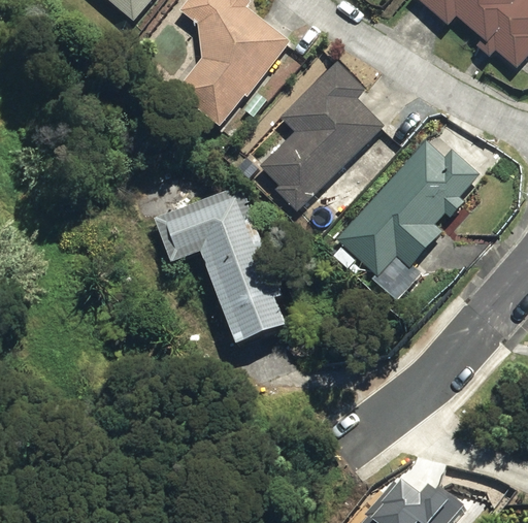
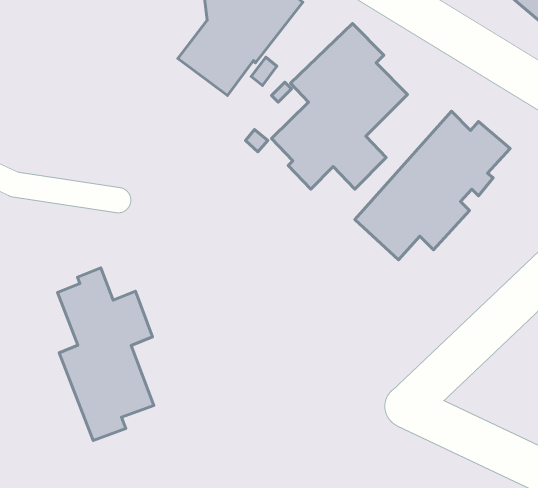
building: [155,186,286,347] -> none
building: none -> [58,268,154,440]

